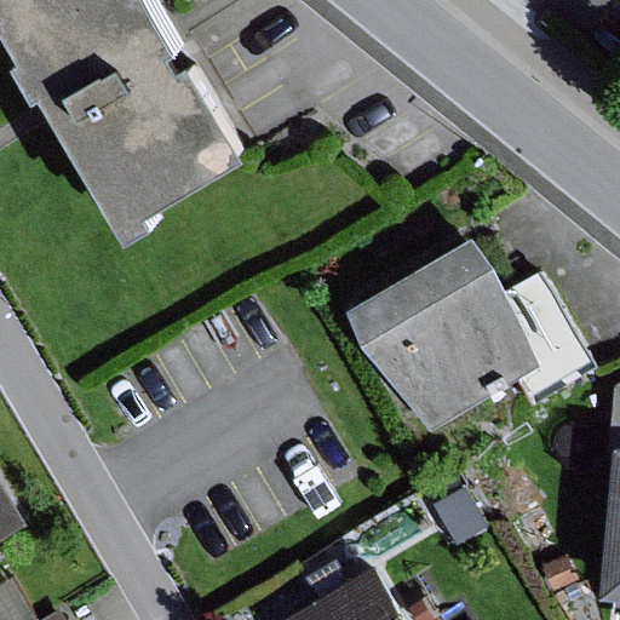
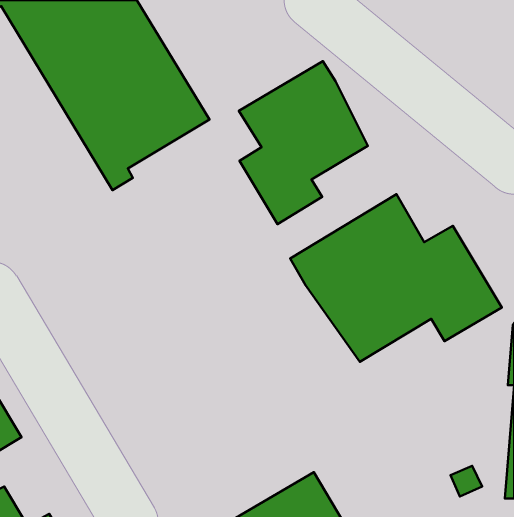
building: none -> [239,61,368,224]

